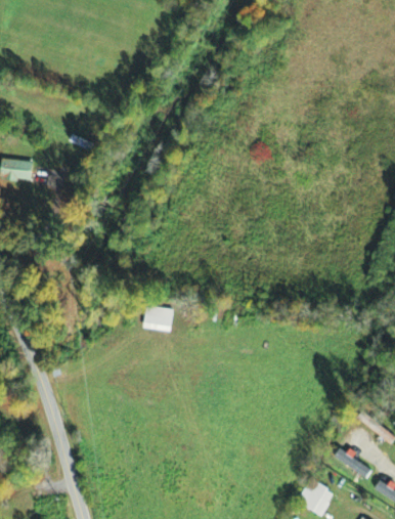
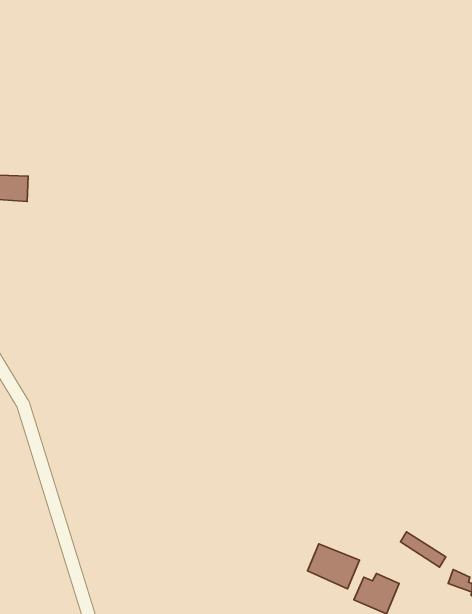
building: [142,305,174,332] -> none
building: none -> [307,544,360,589]

